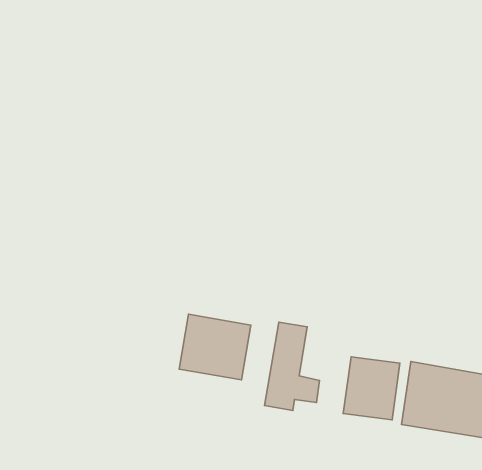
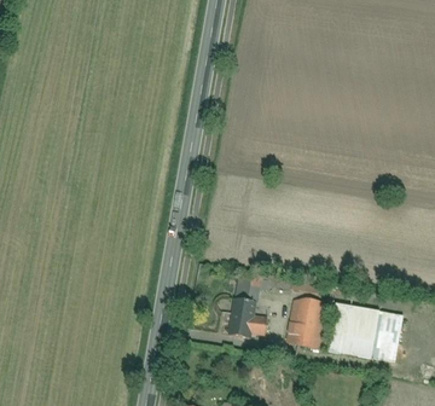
building: [179,314,251,380] -> none

